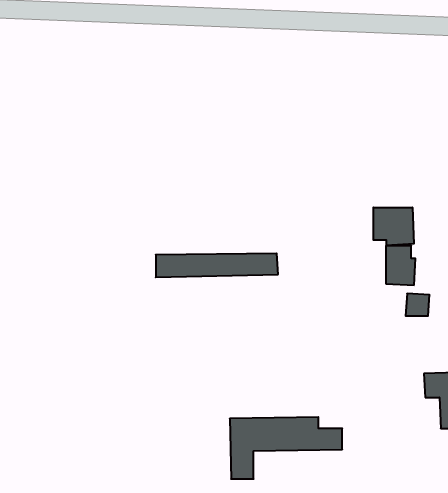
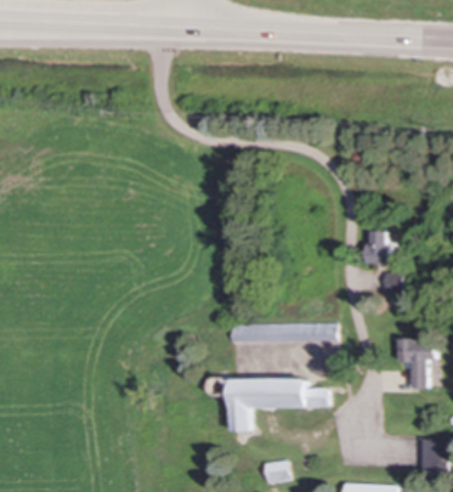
building: [373,207,414,246] -> none
building: [156,253,278,277] -> [230,323,335,344]

